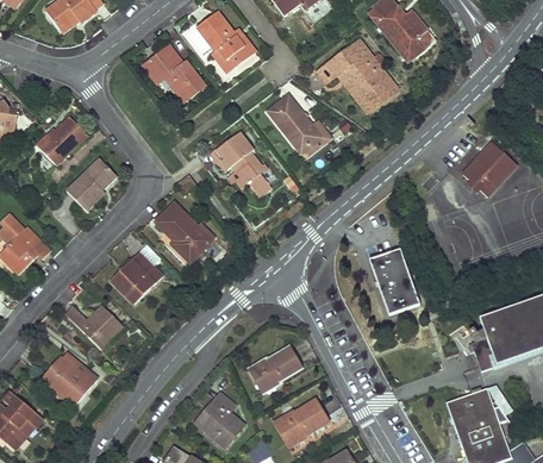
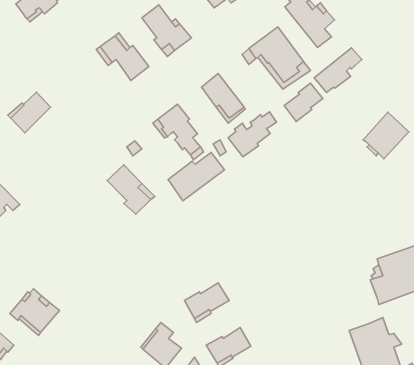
building: none -> [314,48,362,93]
building: none -> [284,83,323,122]
building: none -> [228,112,277,157]
building: [67,158,117,211] -> none
building: none -> [168,152,225,201]
building: [369,248,419,314] -> none
building: [110,252,162,305] -> none
building: [65,305,124,350] -> none

